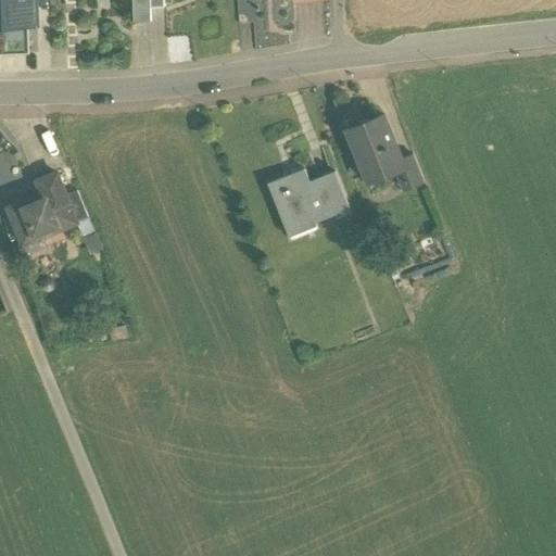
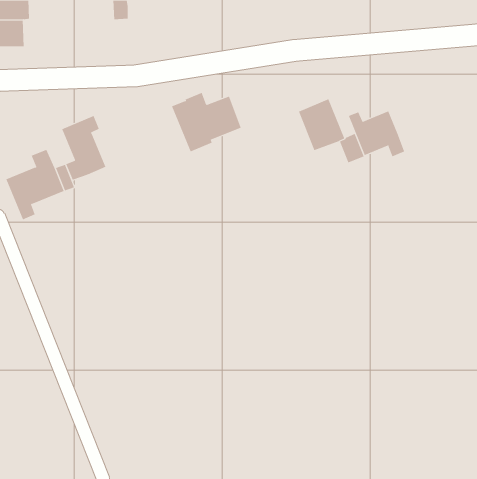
building: none -> [348,111,405,157]
building: none -> [61,115,106,181]
building: [266,166,348,236] -> [171,92,242,152]

